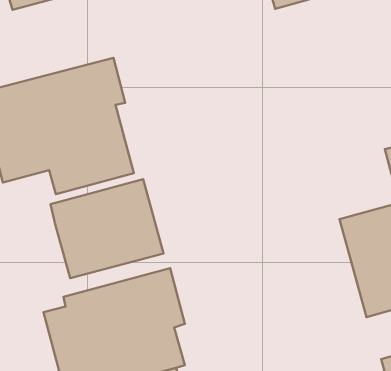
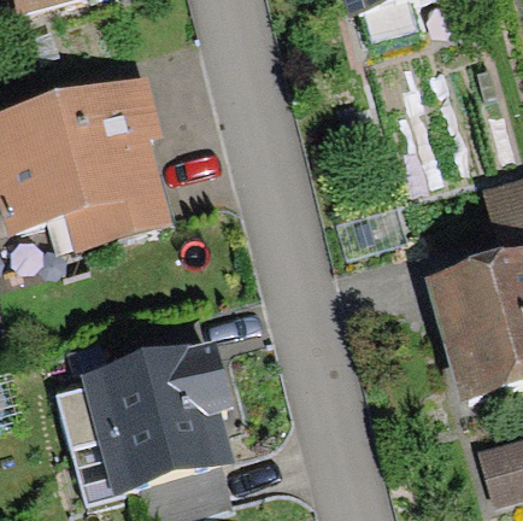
building: [50,179,164,278] -> none

